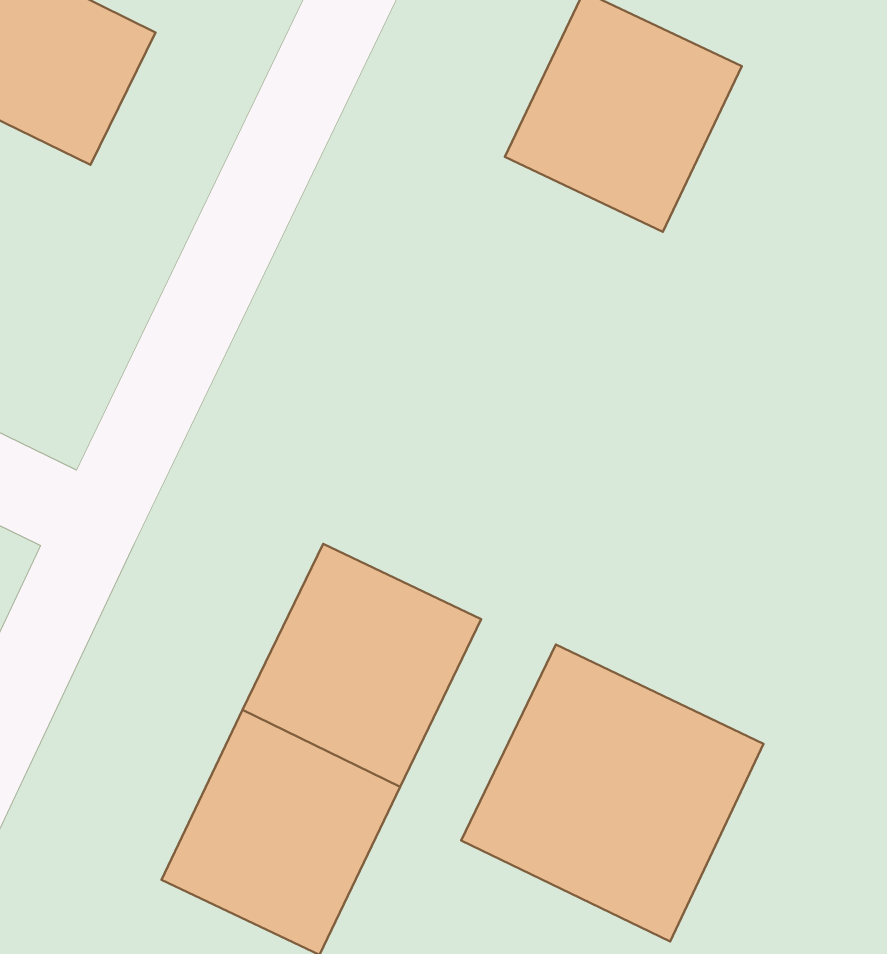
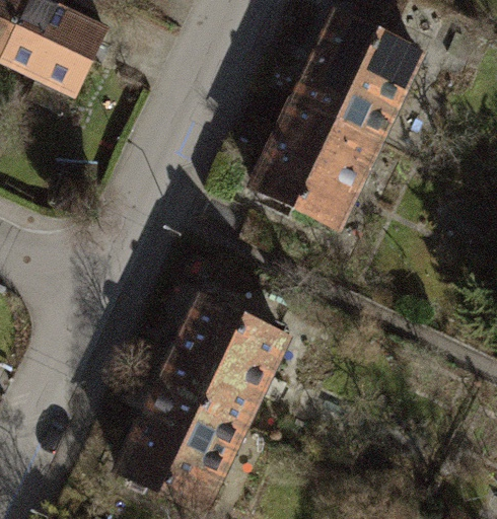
building: none -> [255,95,377,221]
building: [461,645,764,941] -> none

